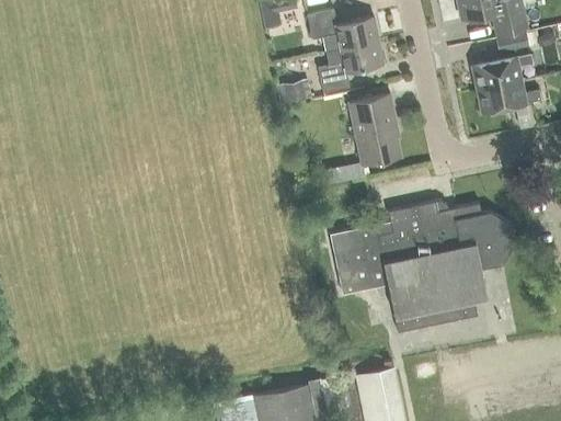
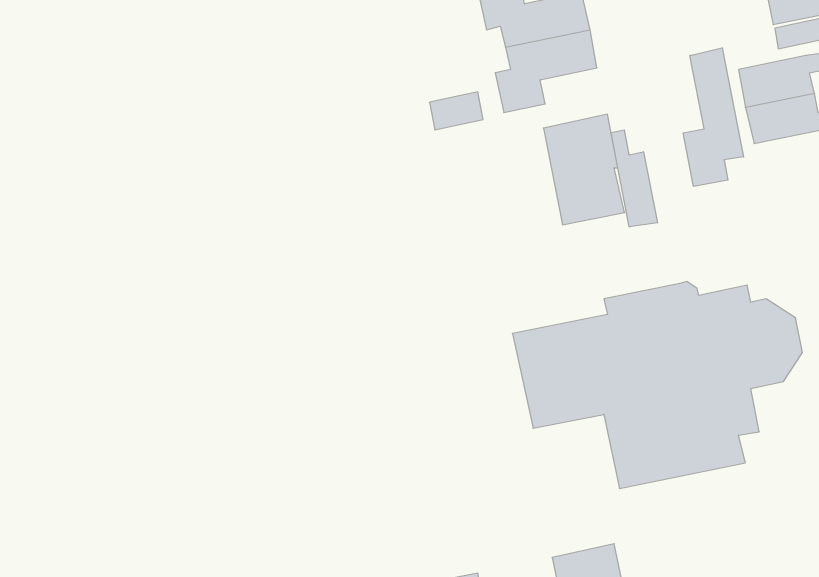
building: none -> [683,48,744,186]
building: none -> [611,130,658,227]

